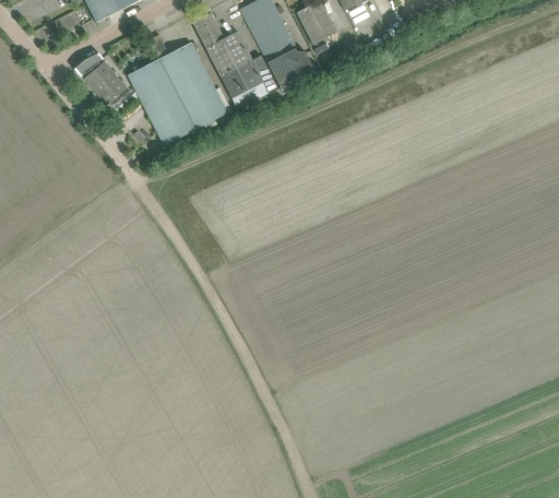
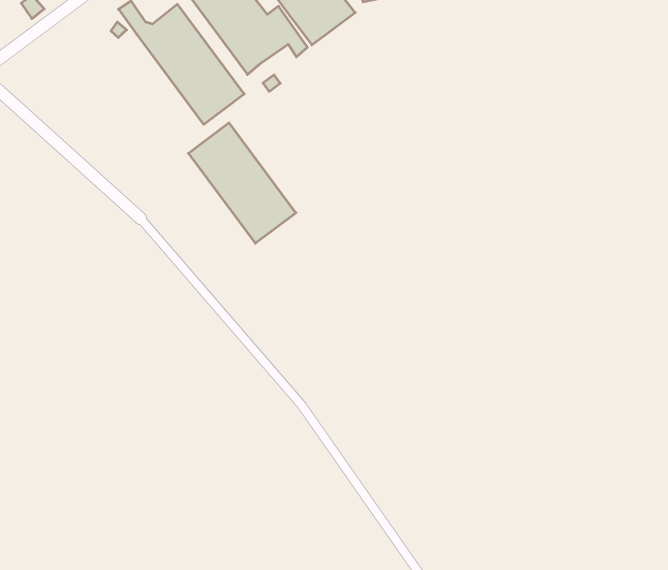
building: [74,52,127,104] -> none
building: [128,58,195,144] -> [188,123,296,243]

